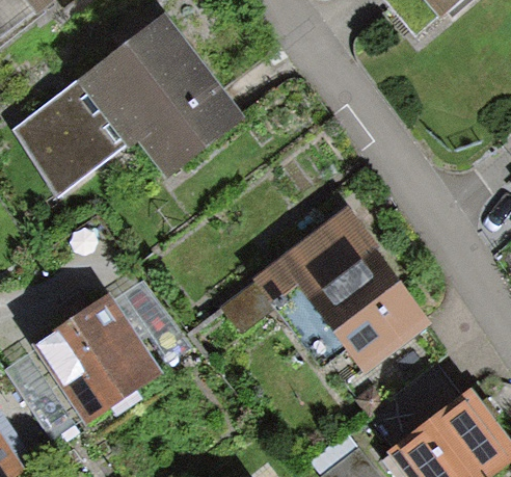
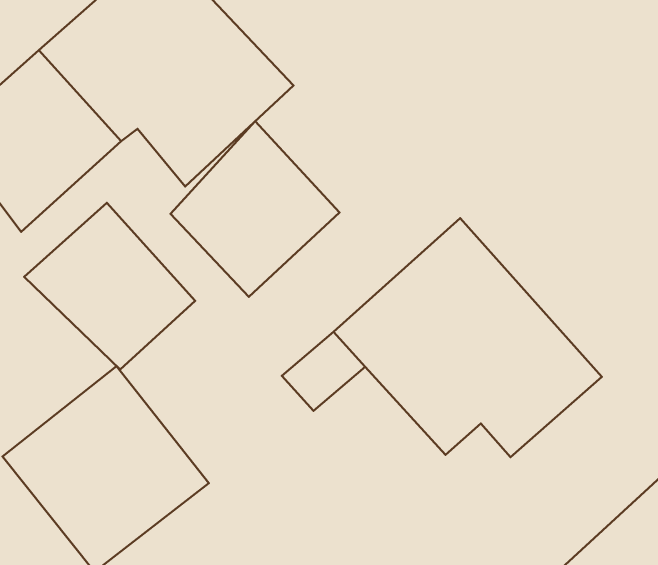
building: none -> [170,121,339,297]
building: none -> [24,203,195,370]

